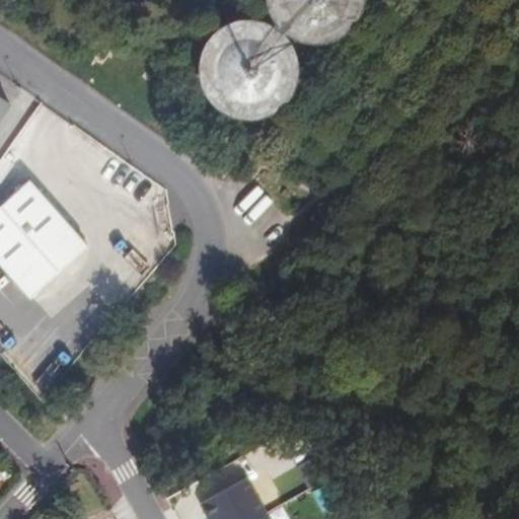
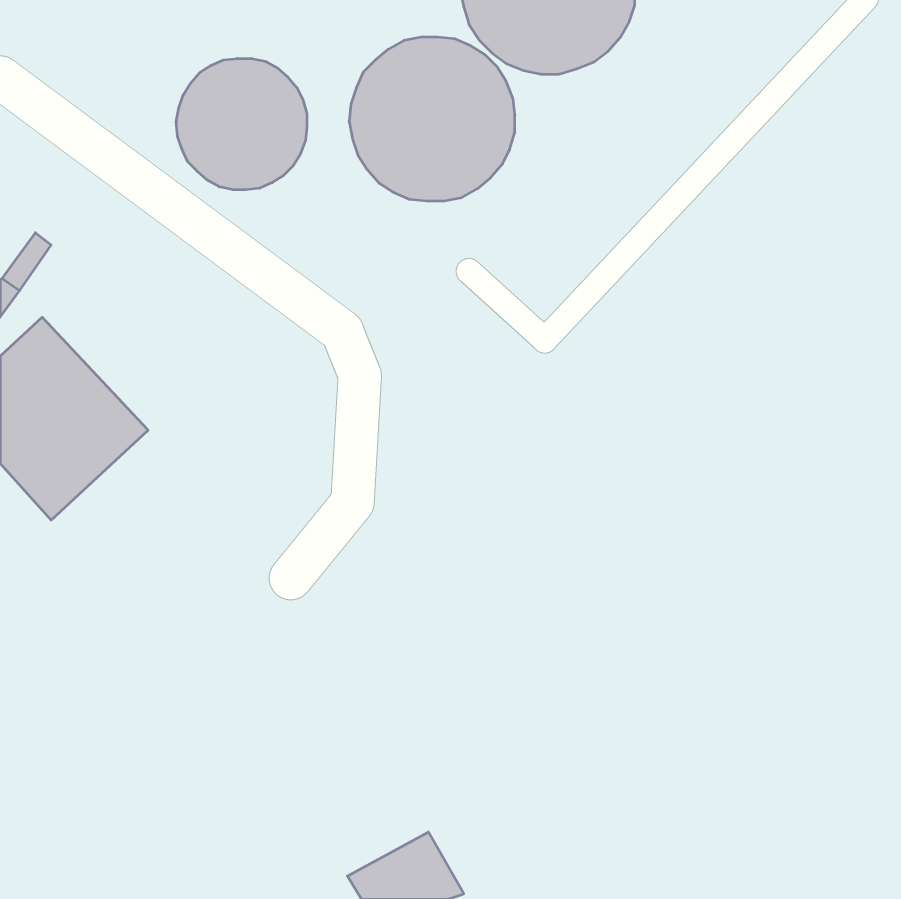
building: none -> [176,58,307,190]

